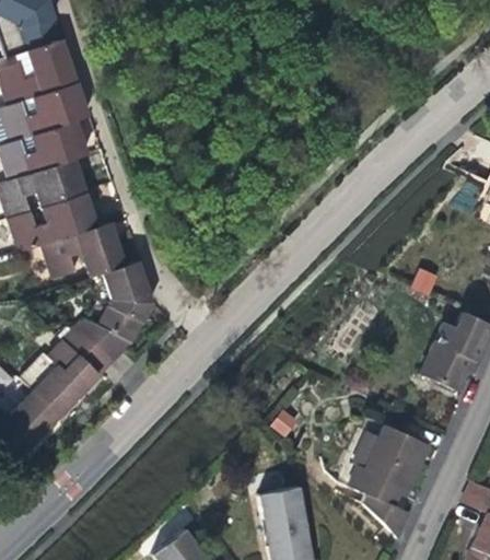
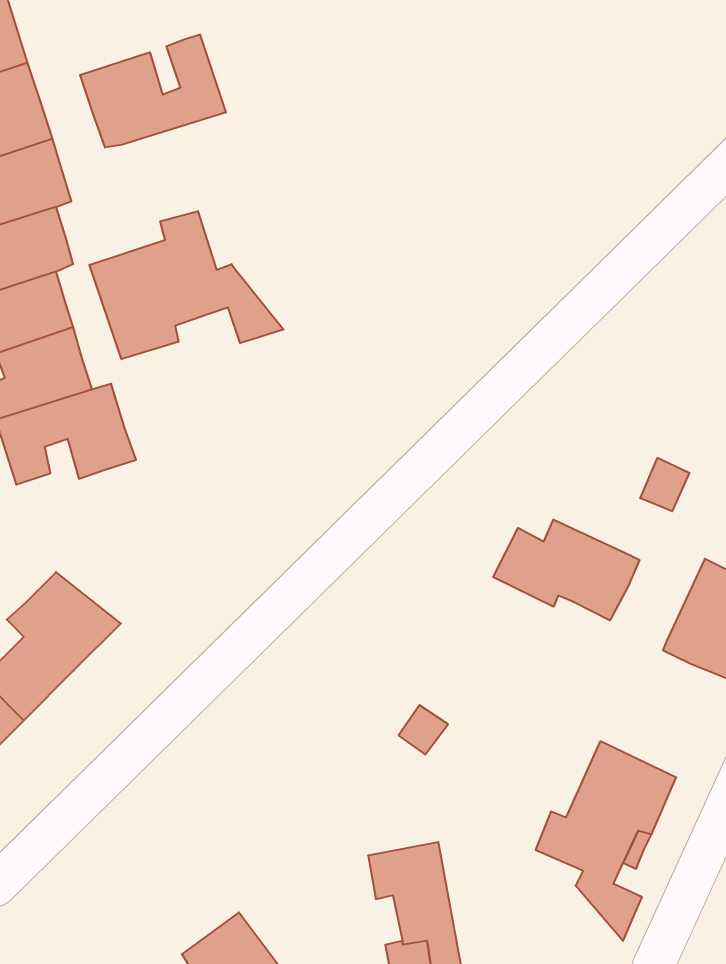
building: none -> [80,35,226,148]
building: none -> [89,211,284,359]
building: [75,260,152,359] -> none
building: none -> [493,519,640,620]

